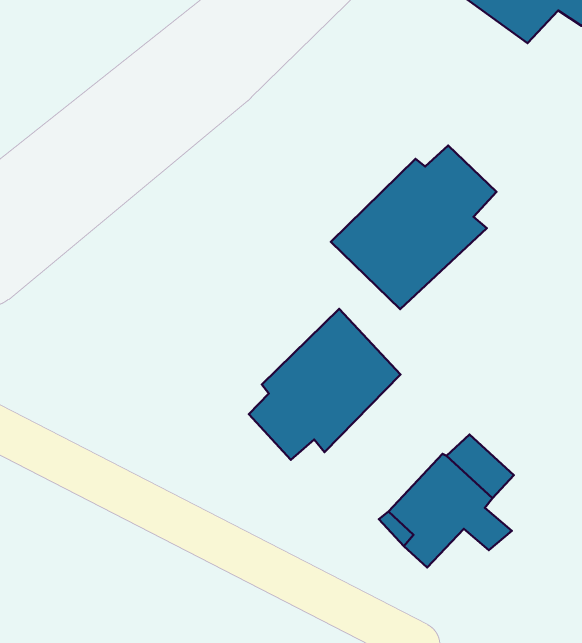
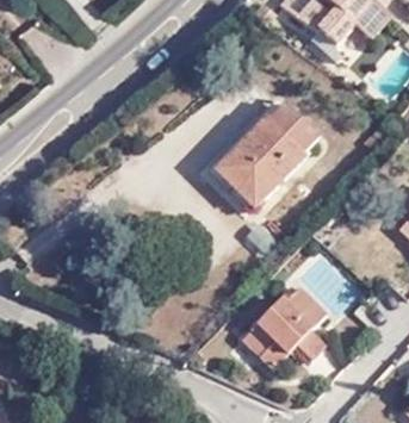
building: [249,309,400,460] -> none

